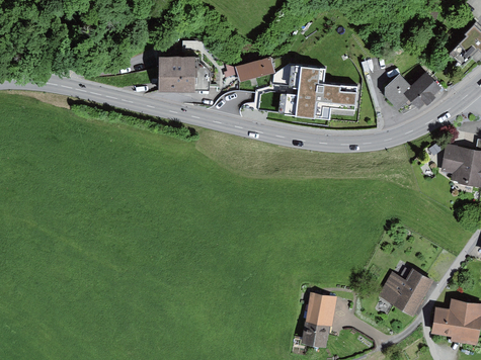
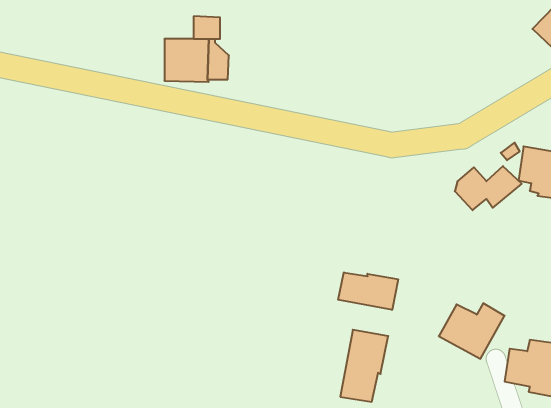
building: [225,58,274,81] -> none
building: [279,65,355,117] -> none
building: [387,75,440,110] -> [455,166,522,210]
building: none -> [338,272,398,310]

